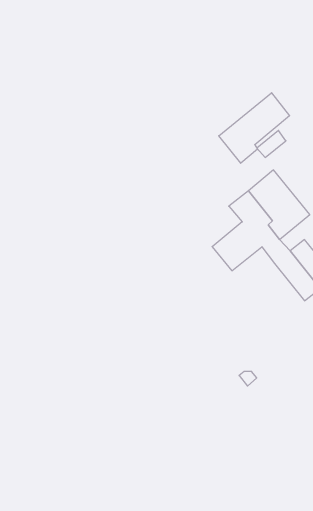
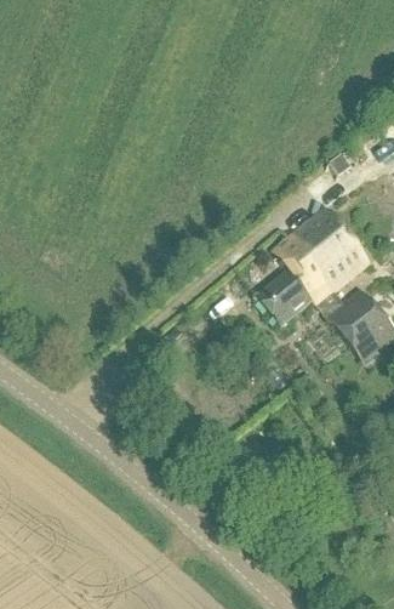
building: [219,93,290,163] -> none

